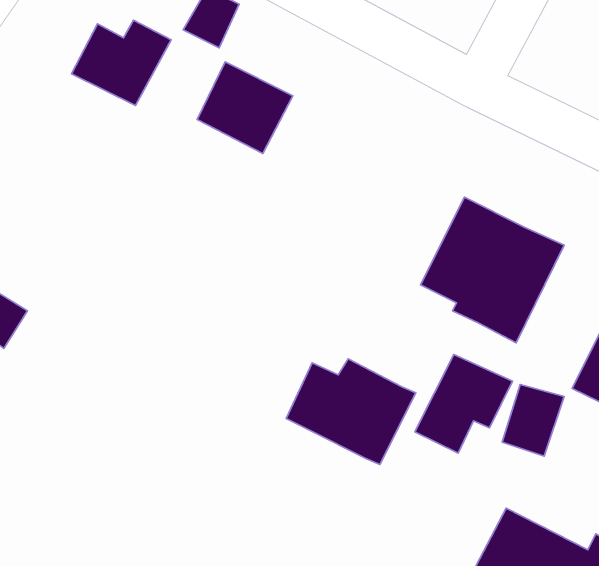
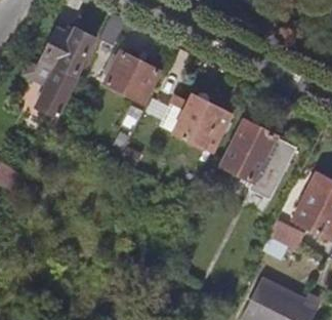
building: none -> [24,57,80,119]
building: [415,354,512,453] -> none
building: [286,359,416,464] -> [163,97,230,152]

